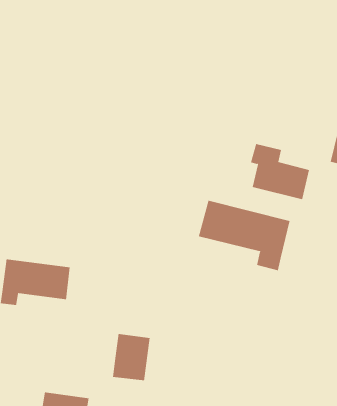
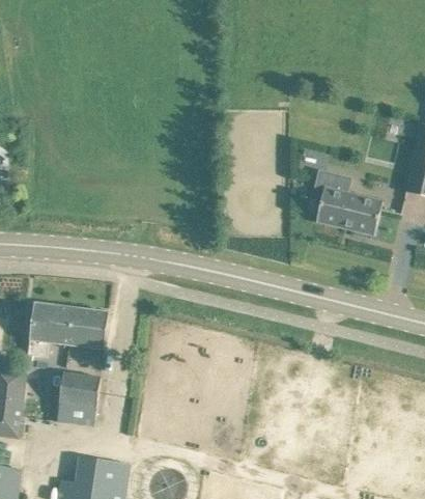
building: [198,200,290,271] -> none
building: [112,333,150,381] -> [57,372,101,426]

